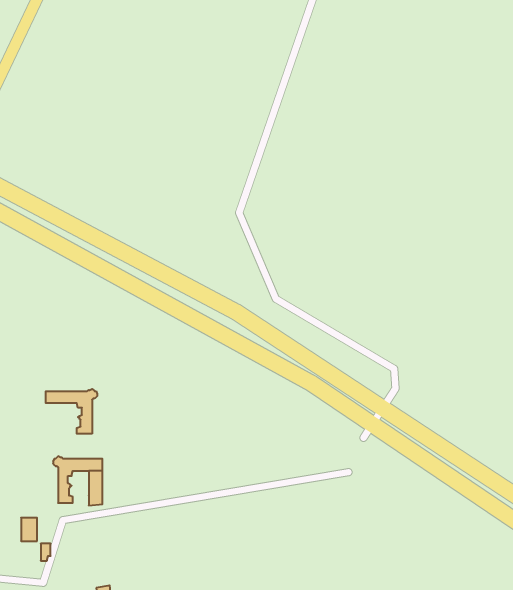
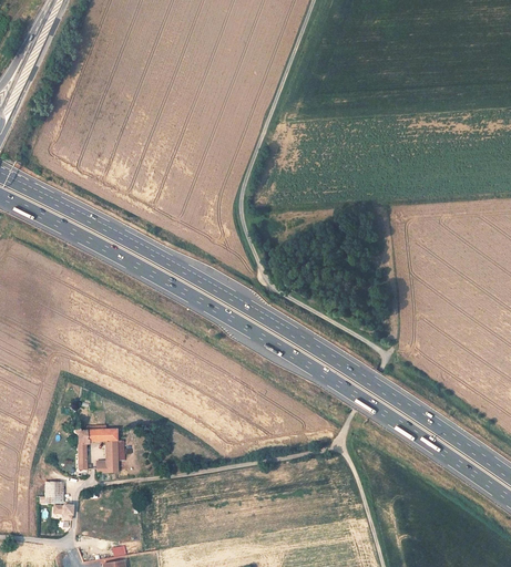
building: [46,389,97,434] -> none

